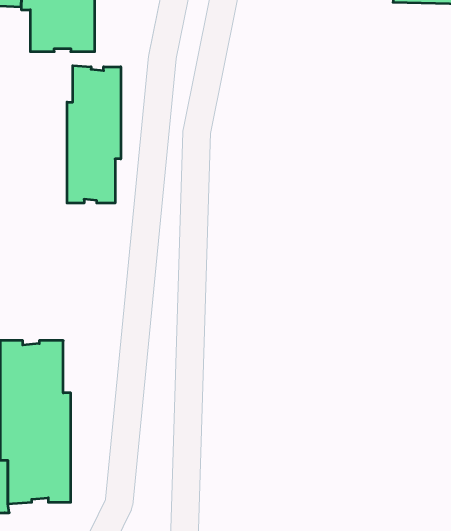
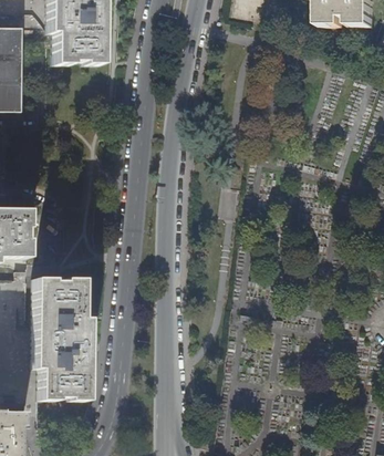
building: [67,66,121,203] -> none

